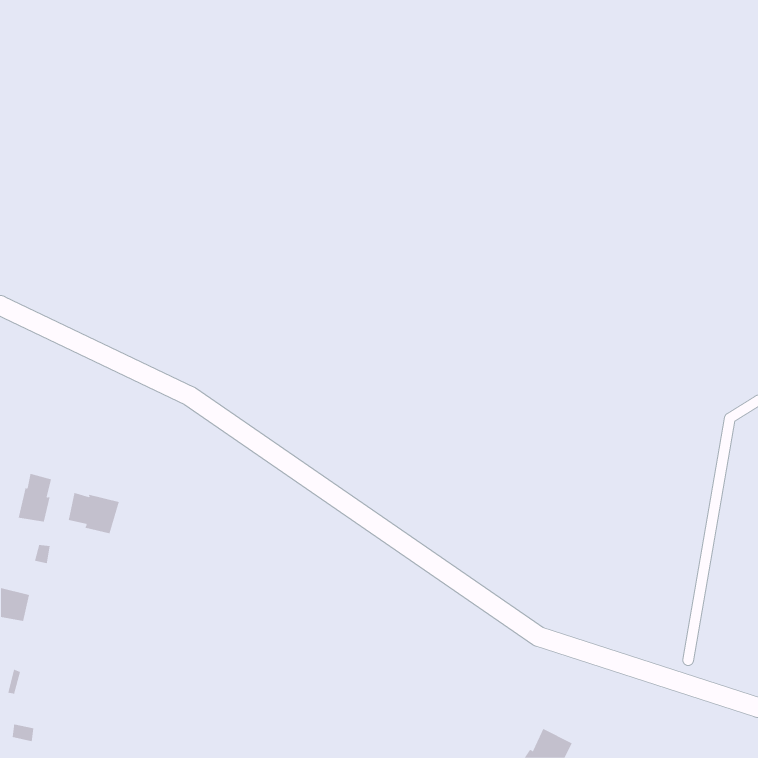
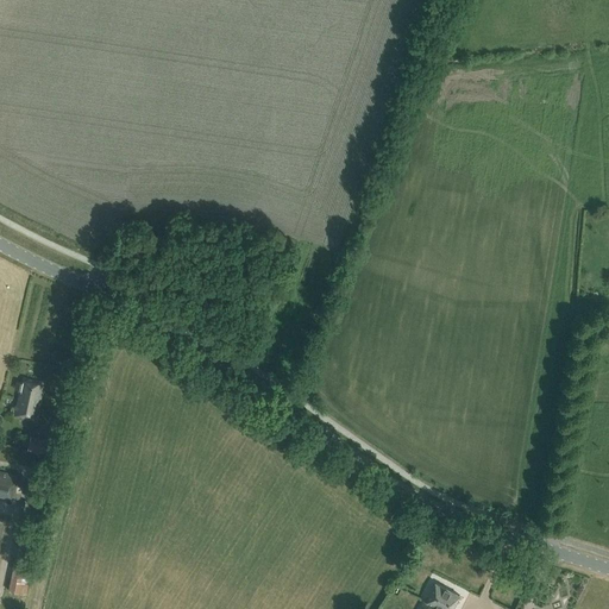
building: [68,492,120,534] -> none

